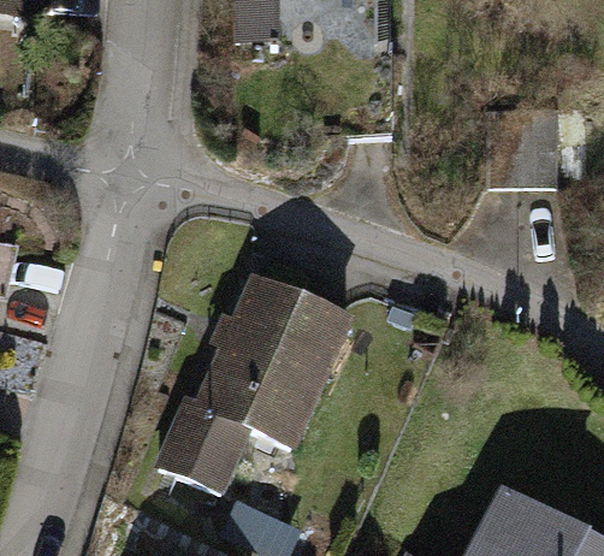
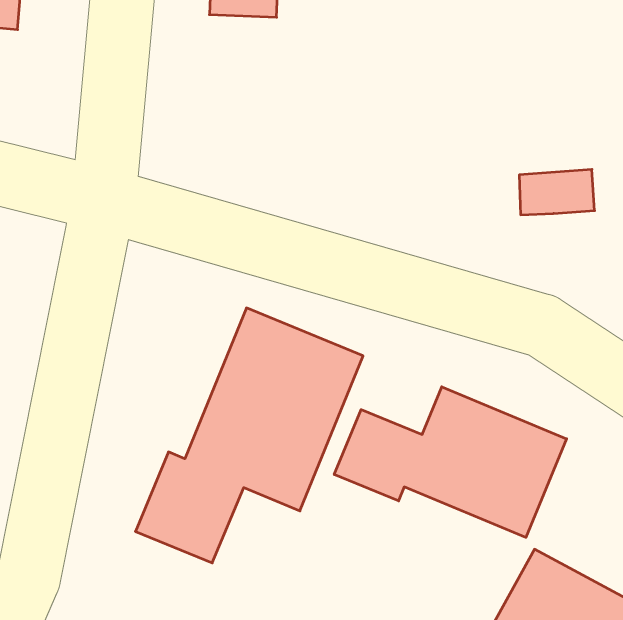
building: none -> [334,387,567,537]

